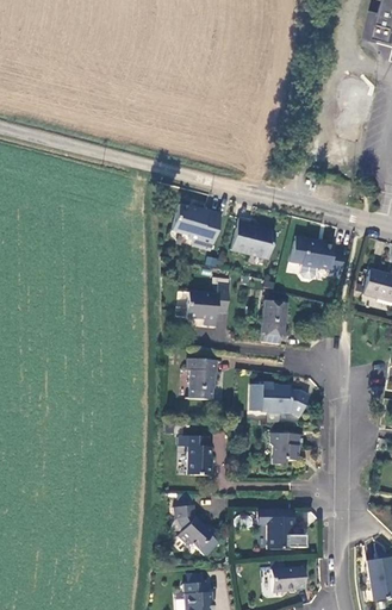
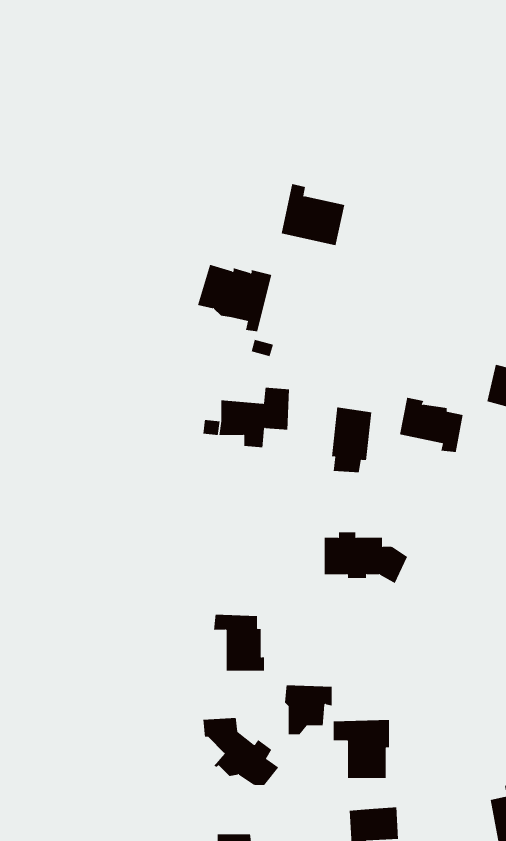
building: [228,220,270,262] -> [281,183,345,246]
building: [295,237,338,274] -> [399,397,464,452]
building: [182,359,219,399] -> none
building: [272,434,304,467] -> [284,685,332,735]

